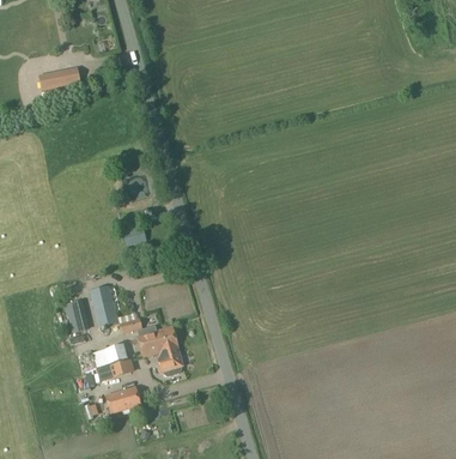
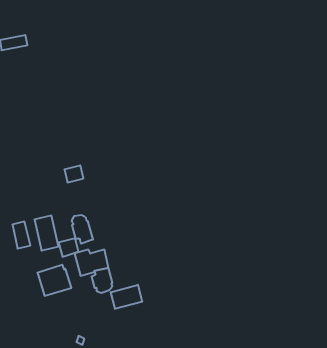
building: none -> [72,215,93,244]
building: none -> [111,285,142,309]
building: [104,387,139,412] -> none

